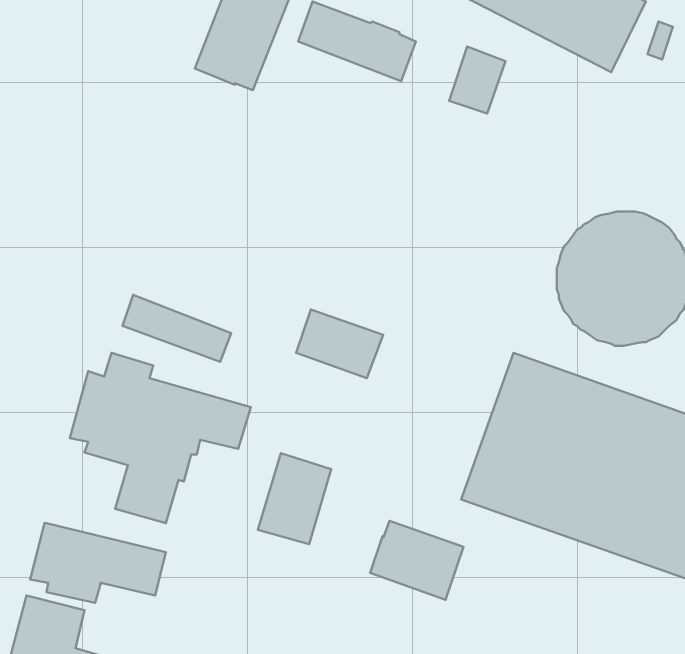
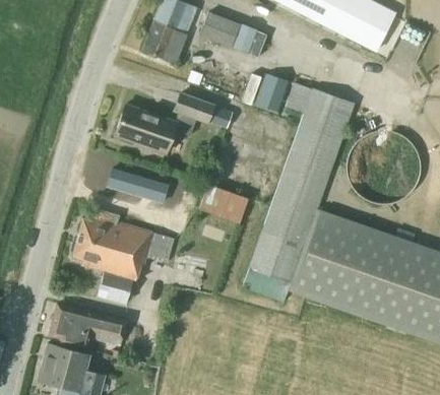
building: [449,47,505,114] -> [256,73,288,111]
building: none -> [243,82,355,303]
building: none -> [114,93,233,153]
building: [258,453,331,544] -> none
building: [370,521,464,600] -> none

